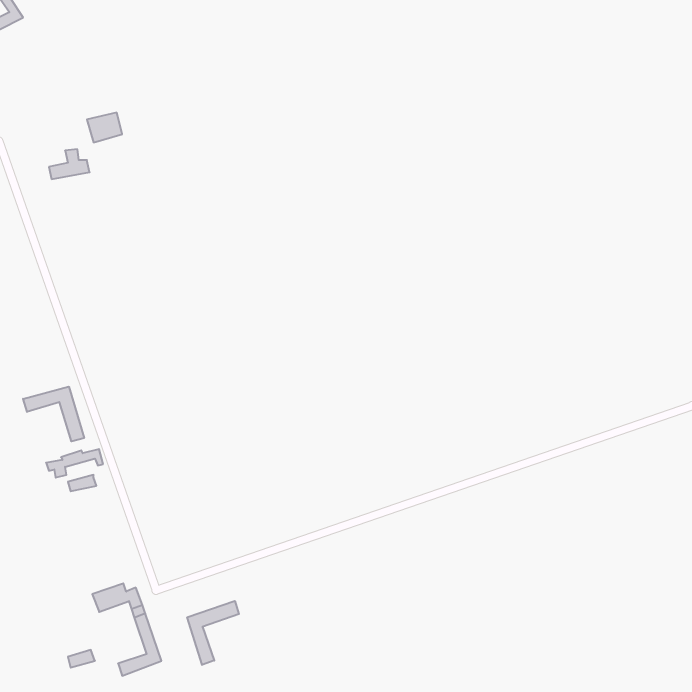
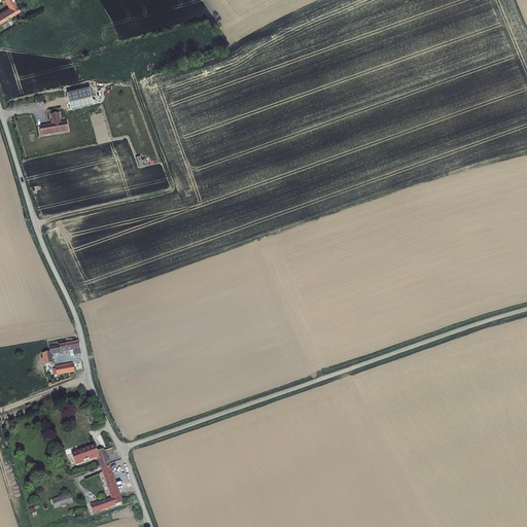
building: [23,387,84,441] -> none
building: [187,601,239,665] -> none

